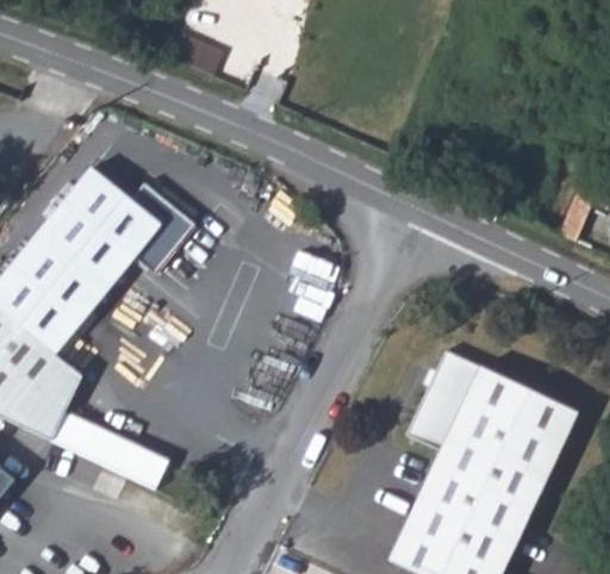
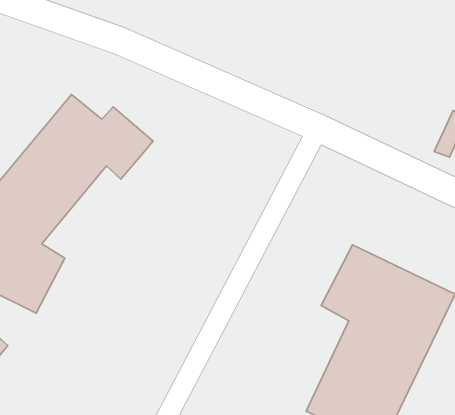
building: [50,405,166,487] -> none

